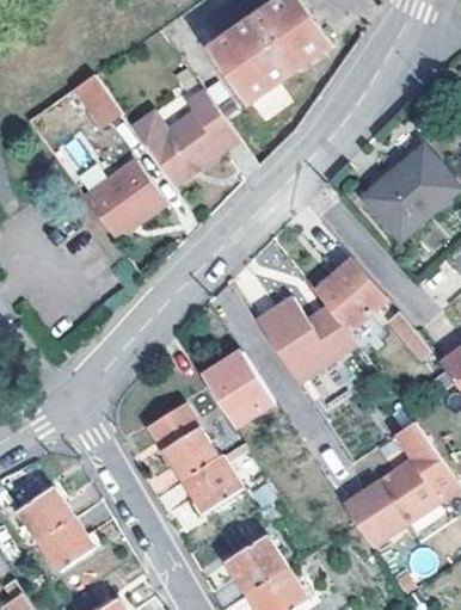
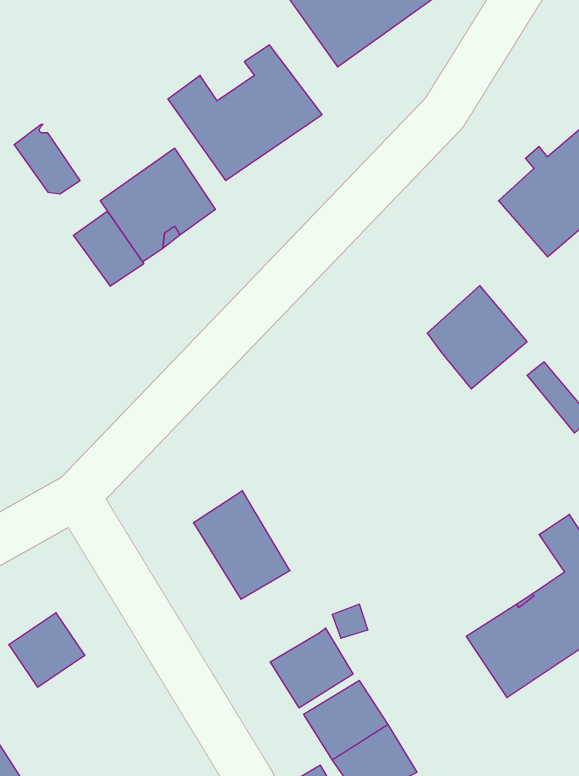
building: [73,73,119,122] -> [14,124,80,194]
building: none -> [73,211,144,286]
building: [257,298,354,384] -> none
building: [201,351,273,426] -> none
building: [182,455,240,511] -> [270,628,353,708]
building: [38,518,92,569] -> none

